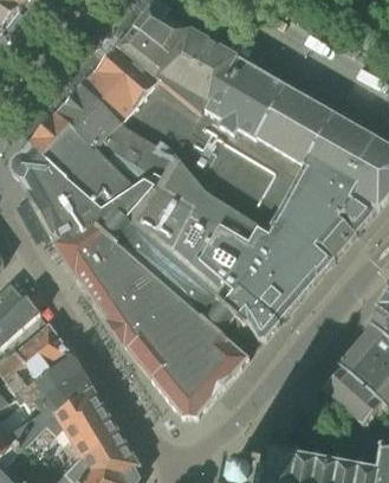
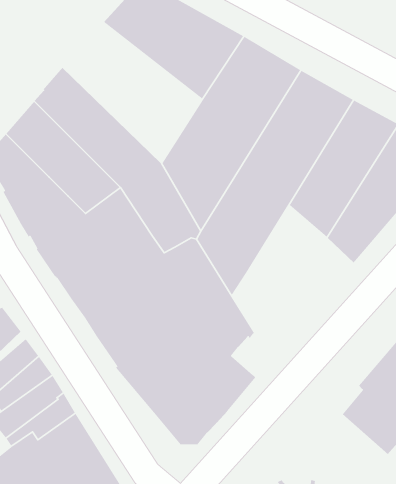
building: [80,45,202,168] -> none
building: [228,205,335,337] -> none

